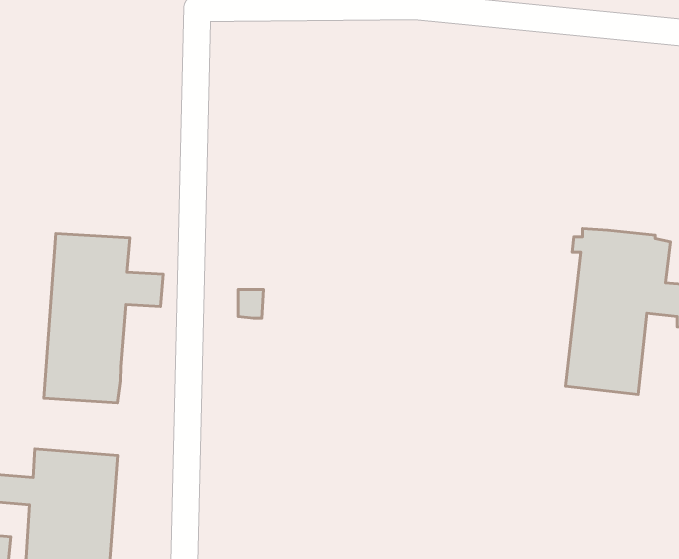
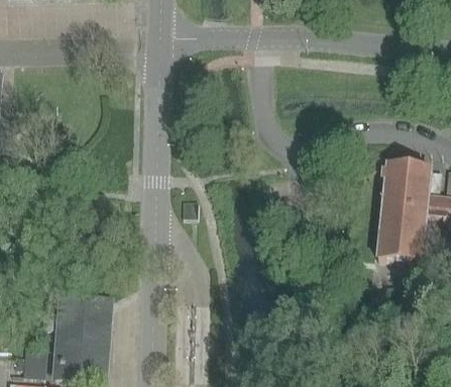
building: [44,233,163,403] -> none

